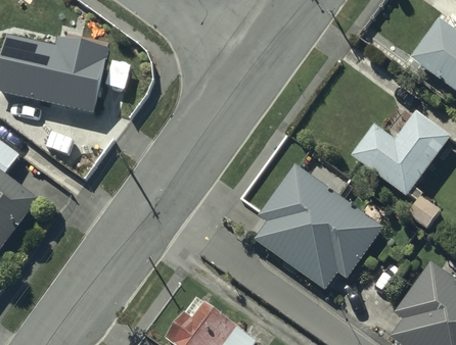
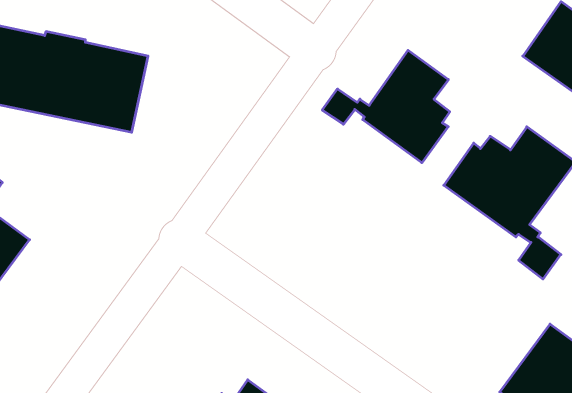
building: none -> [322,50,450,163]
building: [254,163,382,289] -> none

